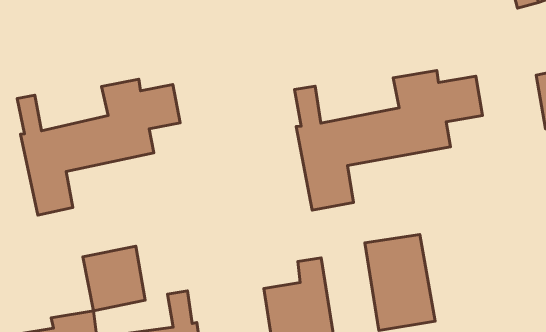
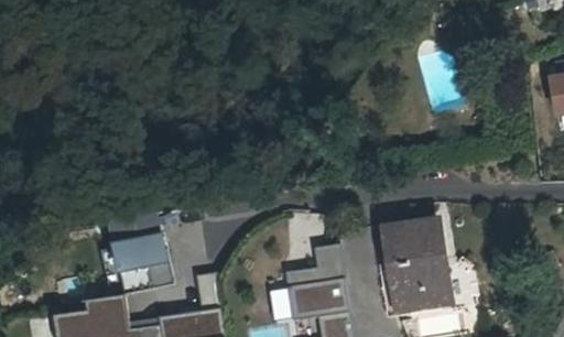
building: [294,70,483,210] -> none
building: [17,79,180,215] -> none

